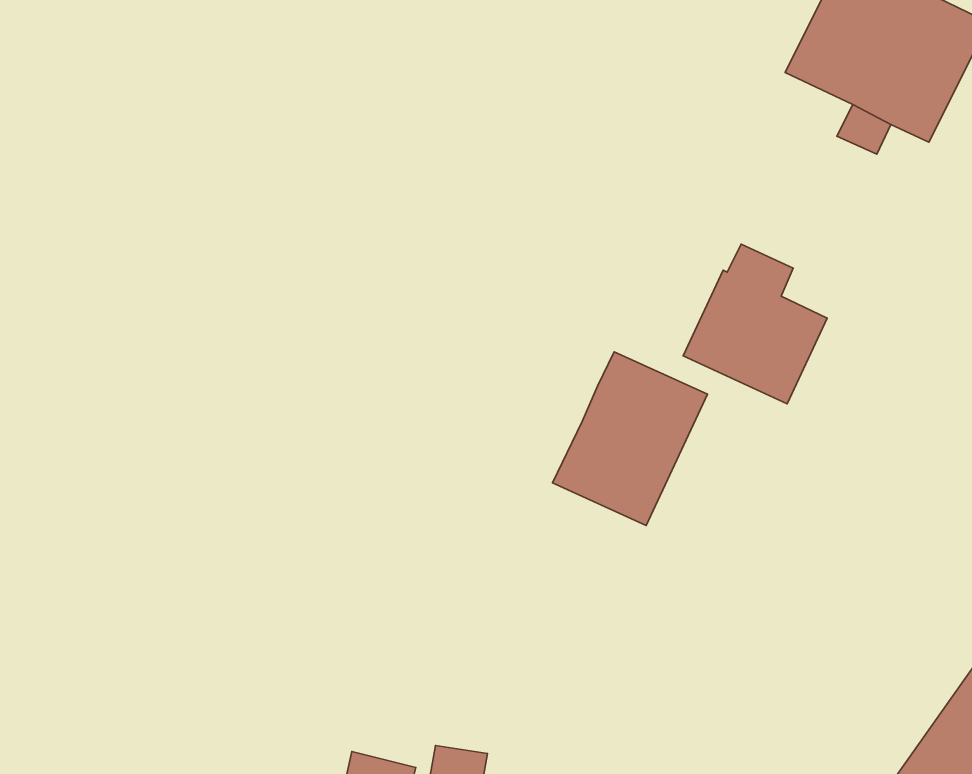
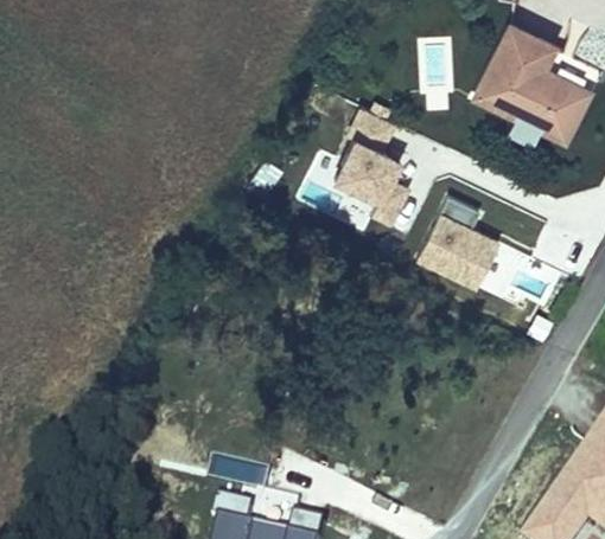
building: none -> [331,108,409,226]
building: [553,352,708,525] -> none

